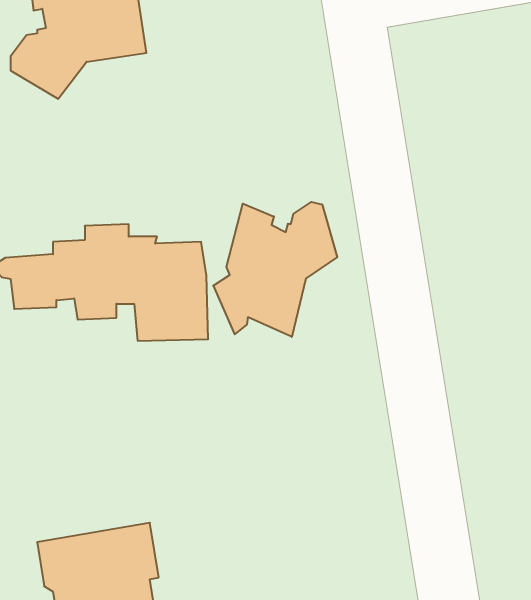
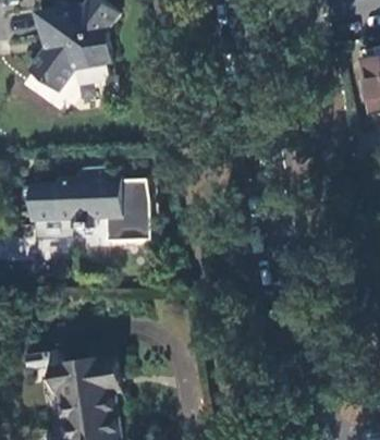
building: [213,202,337,337] -> none

